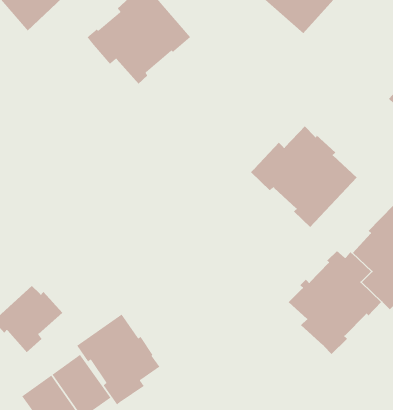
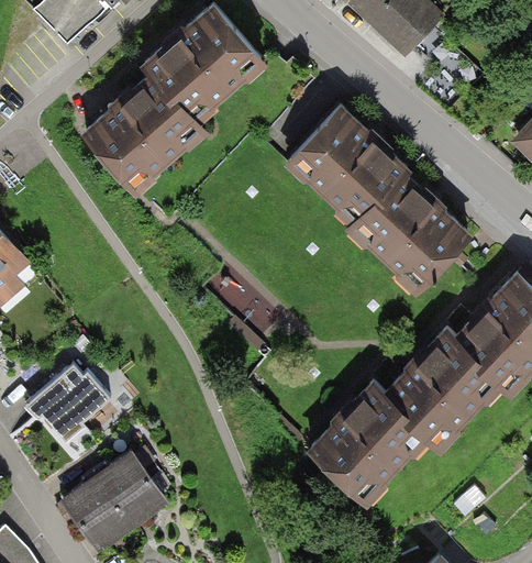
building: none -> [80,70,211,194]
building: none -> [281,99,411,222]
building: none -> [306,374,430,506]
building: [76,313,160,405] -> none

